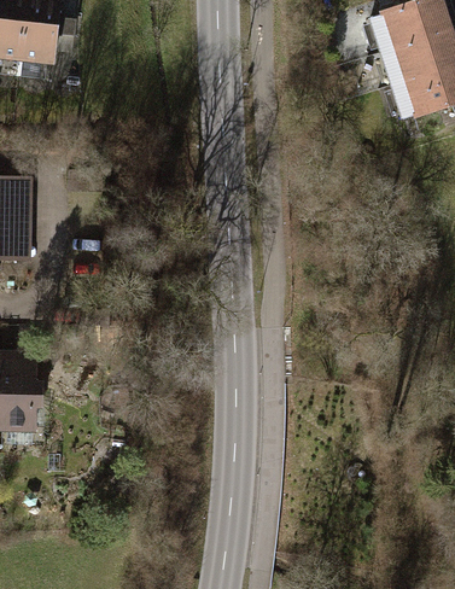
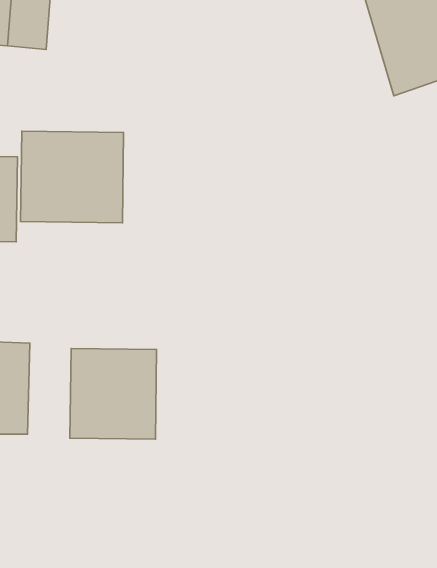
building: none -> [21,131,124,223]
building: none -> [70,348,157,439]

